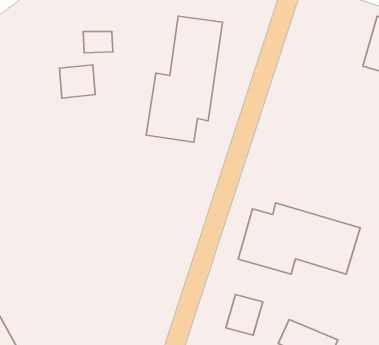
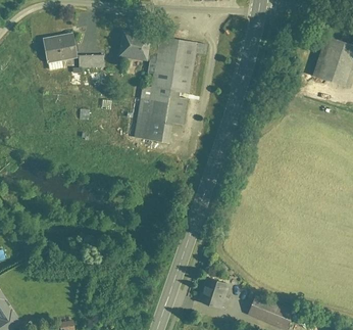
building: none -> [117,29,147,58]
building: [60,65,95,98] -> [45,33,75,61]
building: [238,203,360,274] -> none

